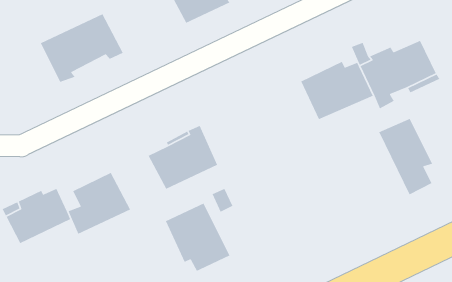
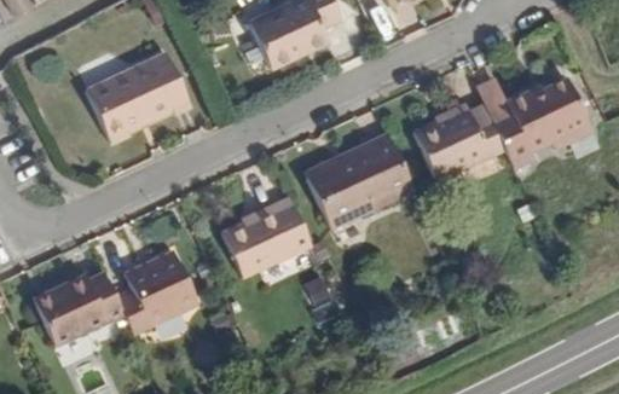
building: none -> [305,137,411,227]
building: [378,118,433,196] -> none
building: [165,203,231,272] -> none

